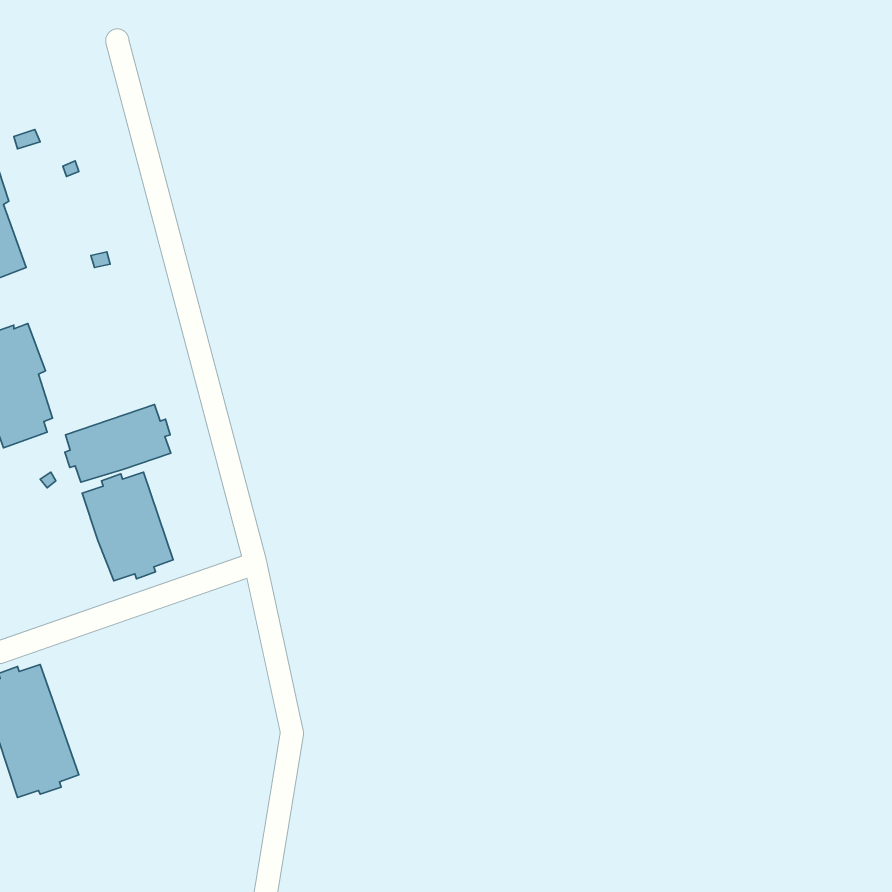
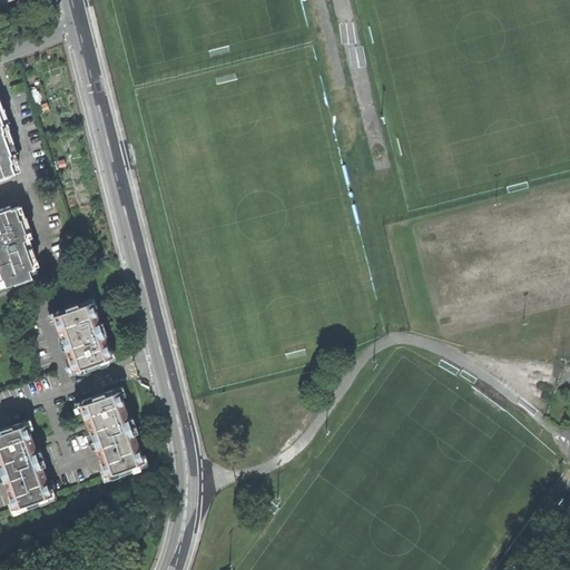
building: [65,405,171,482] -> none
building: none -> [78,391,144,475]

